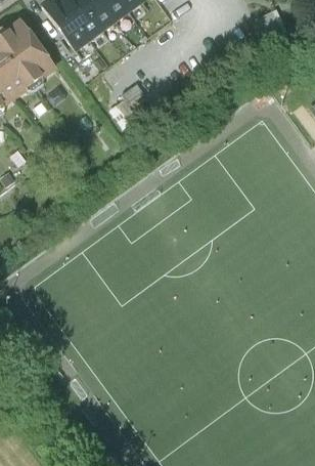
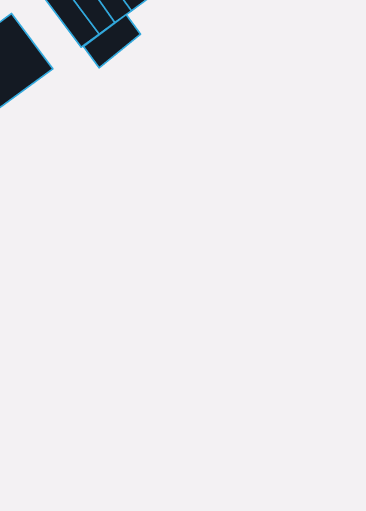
building: none -> [83,15,141,68]

